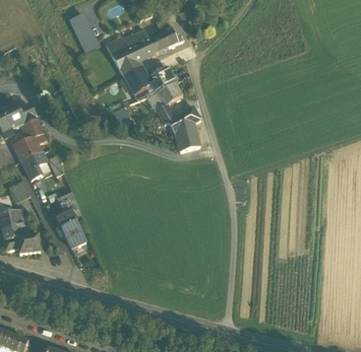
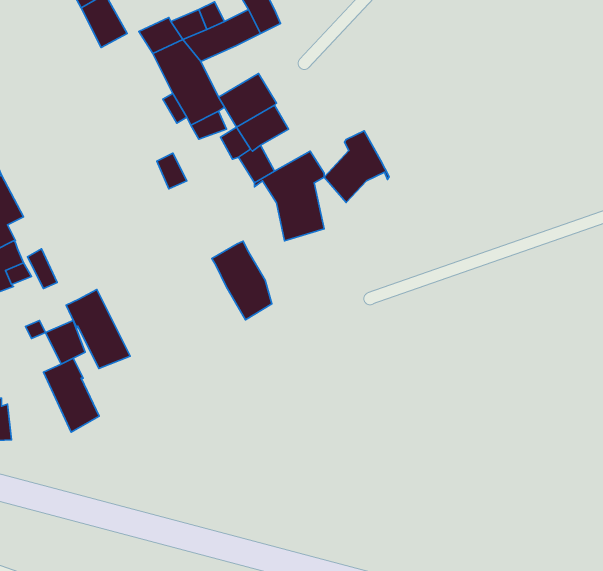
building: none -> [324,131,389,203]
building: none -> [212,241,272,320]
building: none -> [66,290,130,369]

